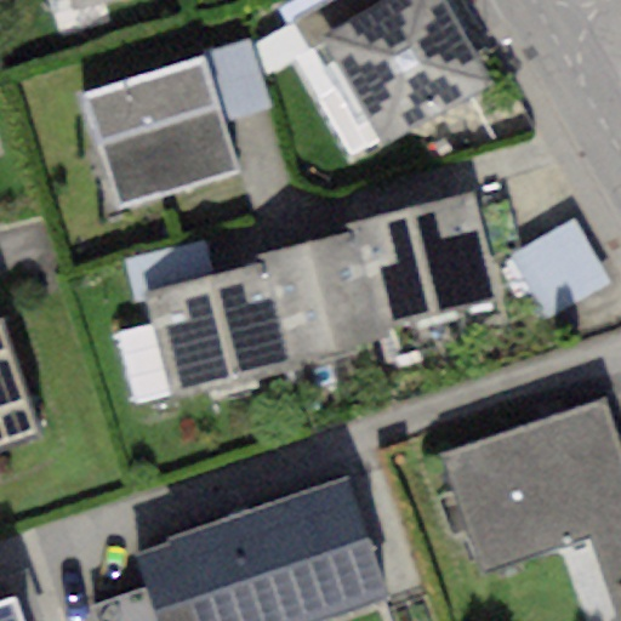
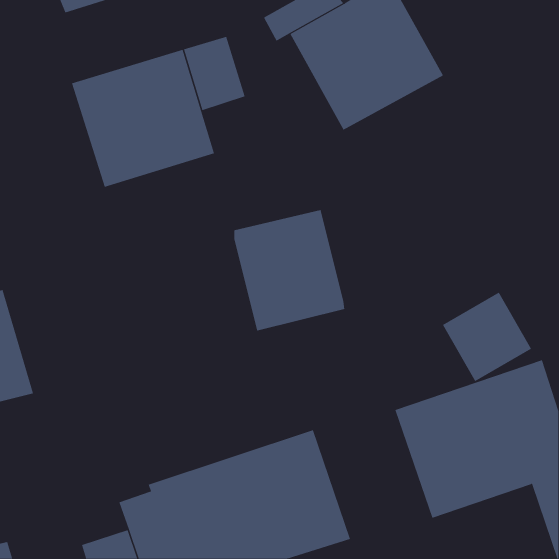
building: [353,194,502,334] -> none
building: [508,218,608,318] -> [442,292,532,382]
building: [146,264,286,403] -> none

